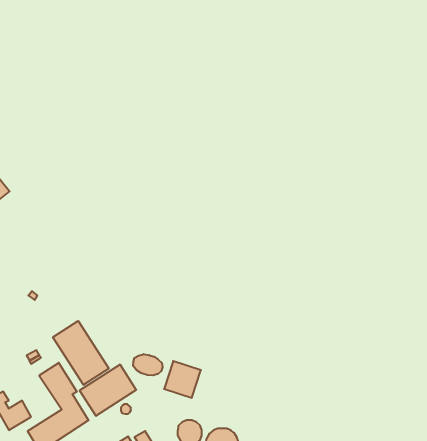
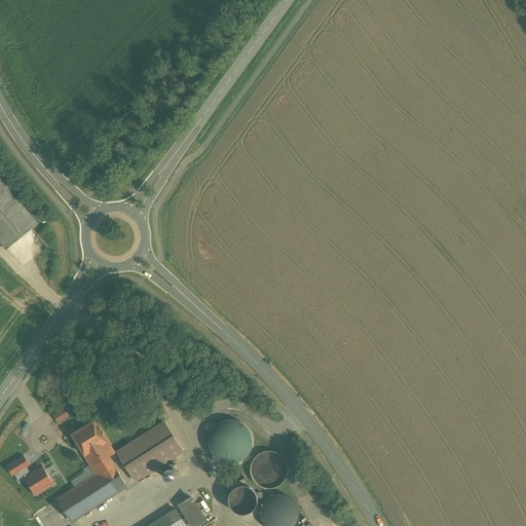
building: [53,321,109,385] -> none
building: [133,354,163,375] -> none
building: none -> [249,451,287,488]

